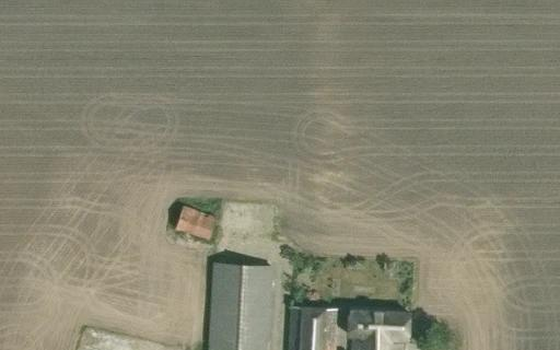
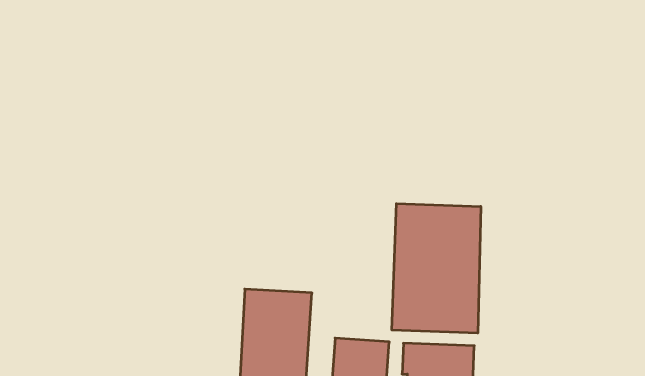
building: none -> [392,204,481,333]
building: [174,206,217,242] -> none

